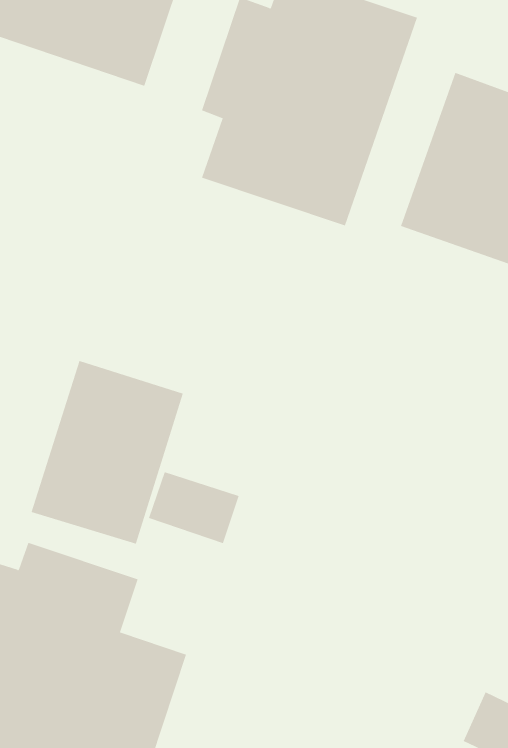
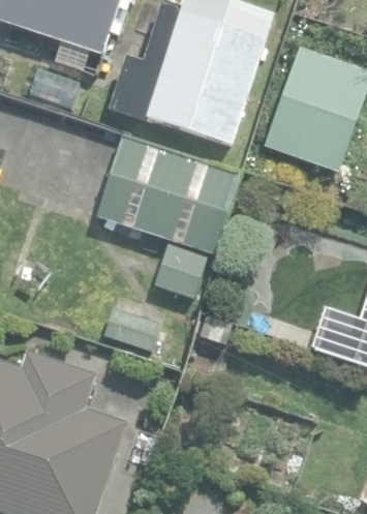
building: none -> [98,134,242,254]
building: [31,360,184,545] -> none

